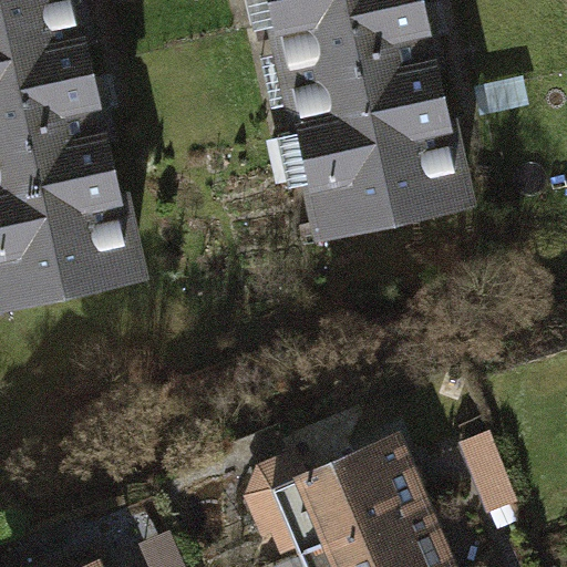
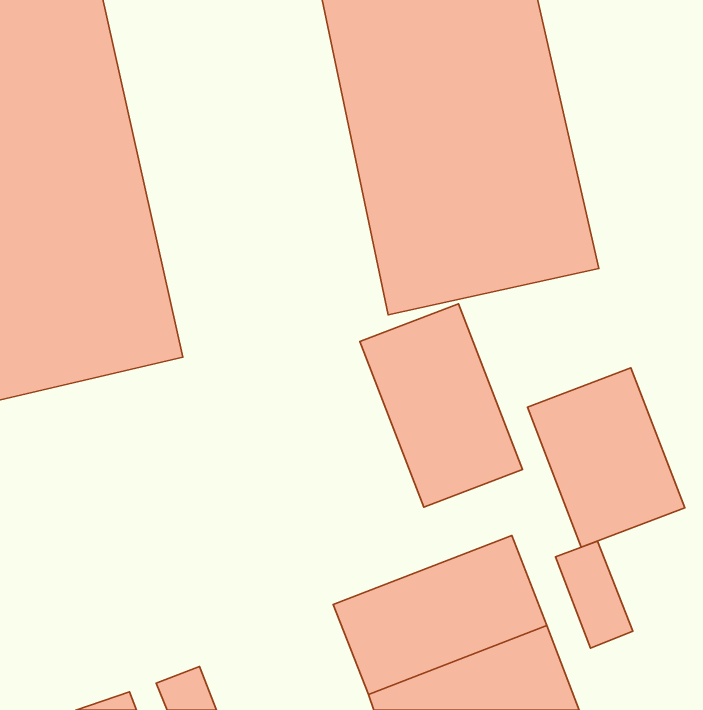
building: none -> [360,304,522,507]
building: none -> [527,368,685,547]

